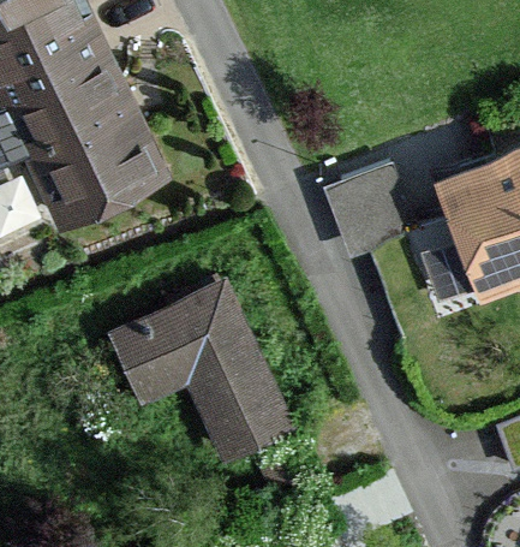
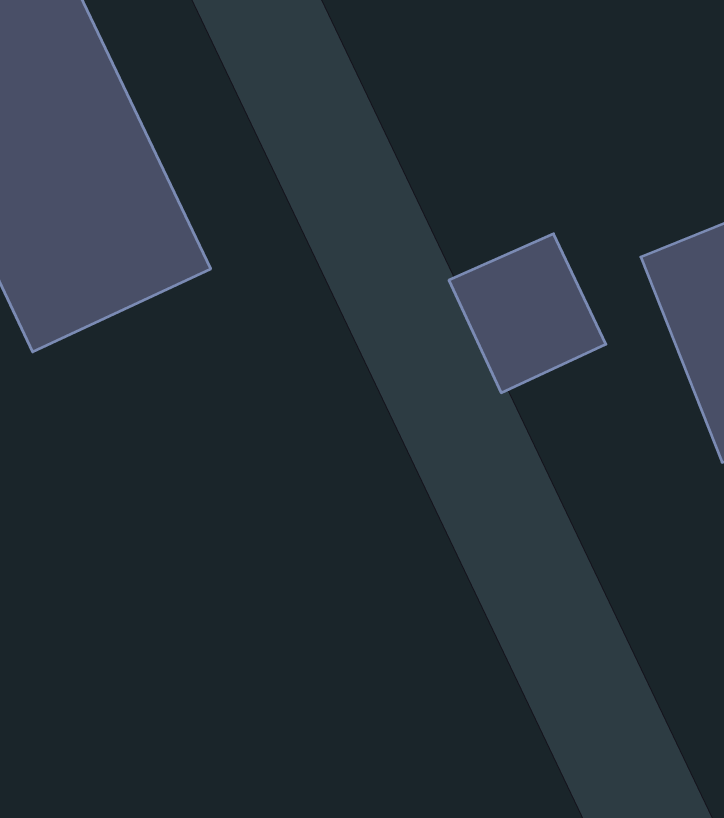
building: [106,278,291,460] -> none

